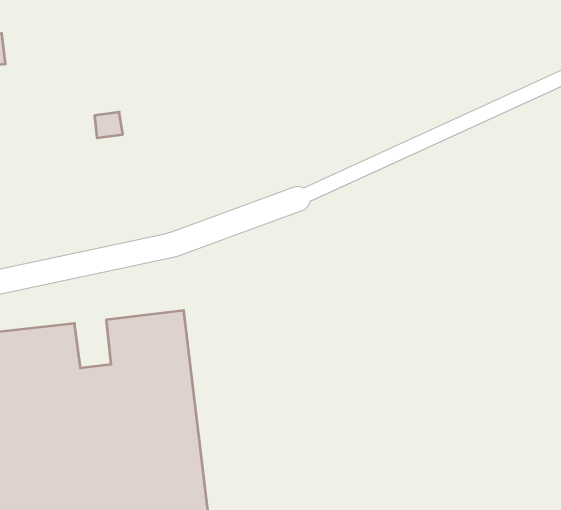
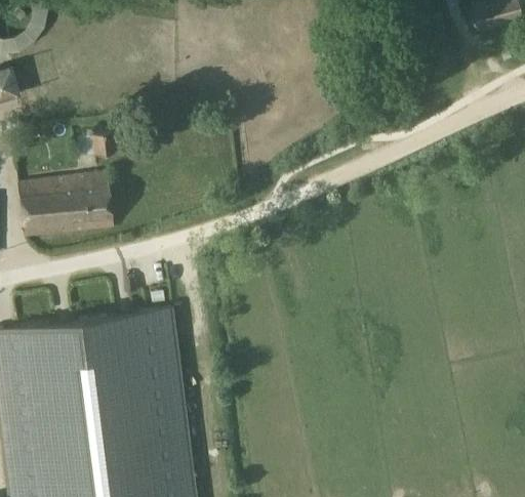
building: none -> [22,172,113,234]
building: none -> [76,313,108,355]

